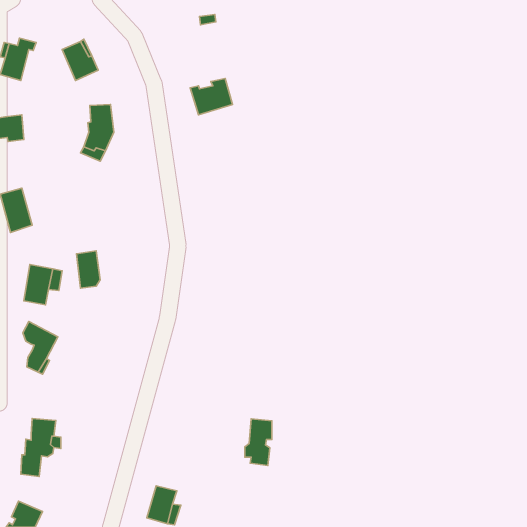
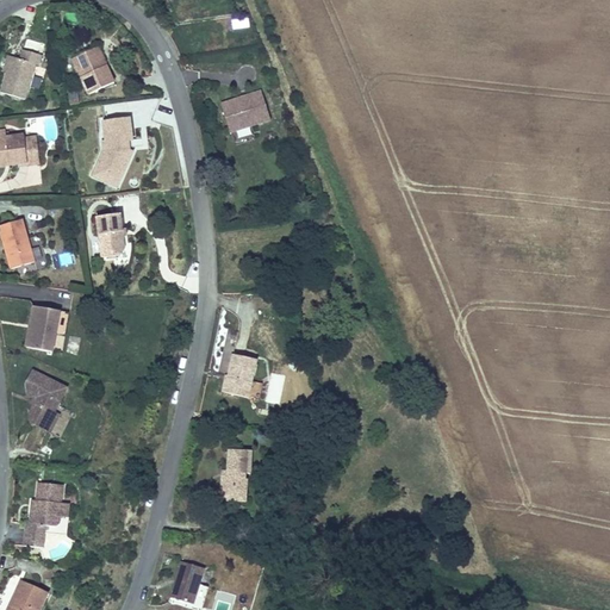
building: [76,251,100,288] -> [97,211,124,254]
building: none -> [220,351,255,394]
building: [245,419,272,465] -> [219,449,250,503]

